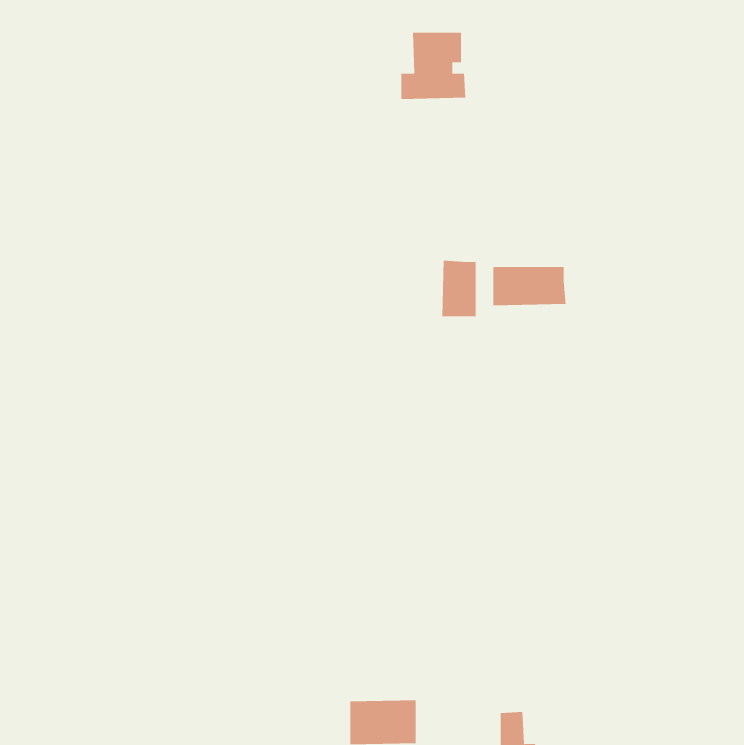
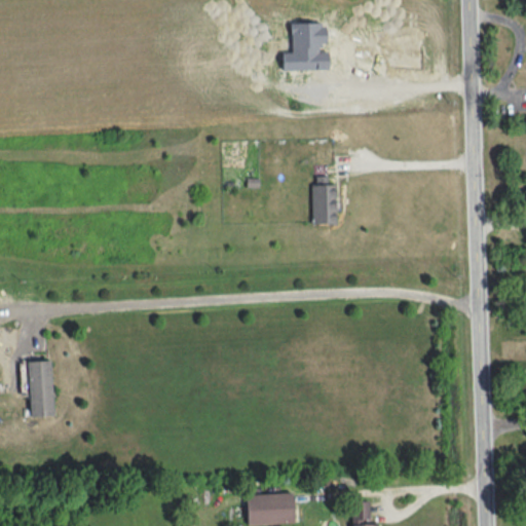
building: [493,266,566,306] -> none
building: none -> [29,361,54,417]

